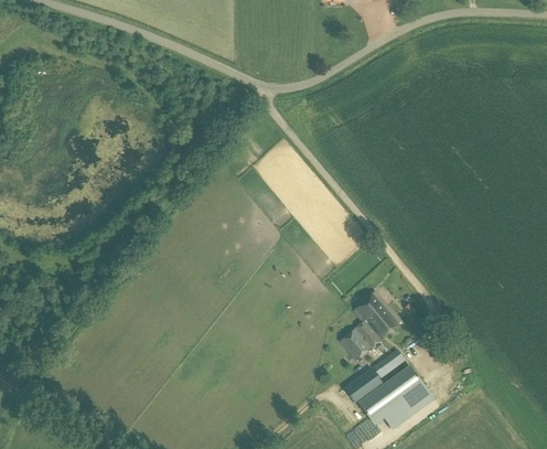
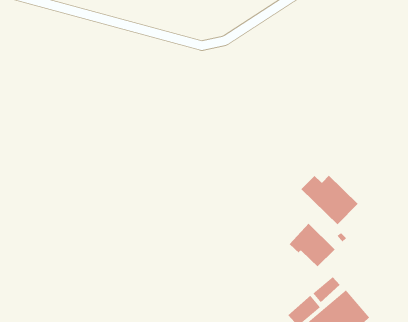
building: none -> [300,175,358,225]
building: [339,321,379,361] -> none

